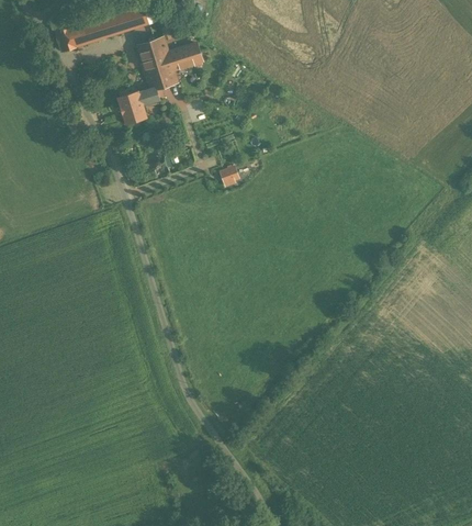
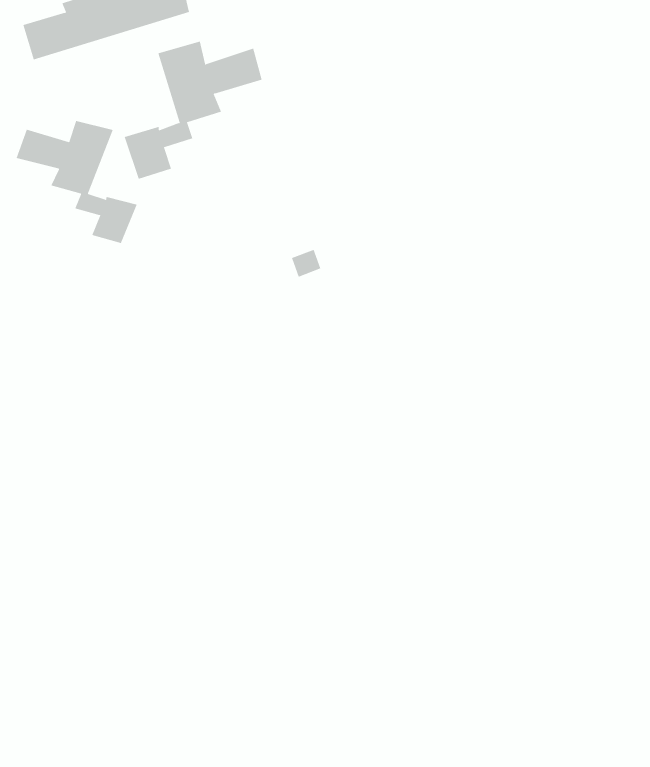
building: none -> [16,120,138,244]

